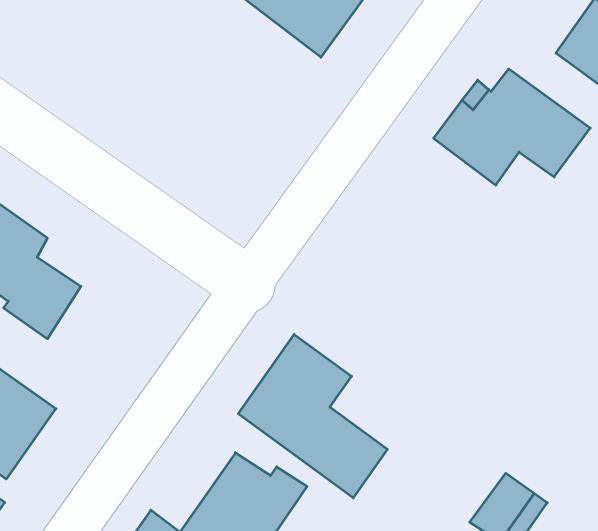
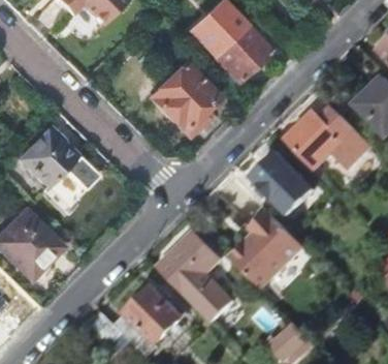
building: none -> [144,59,215,130]
building: none -> [255,151,313,210]
building: none -> [230,207,303,286]

